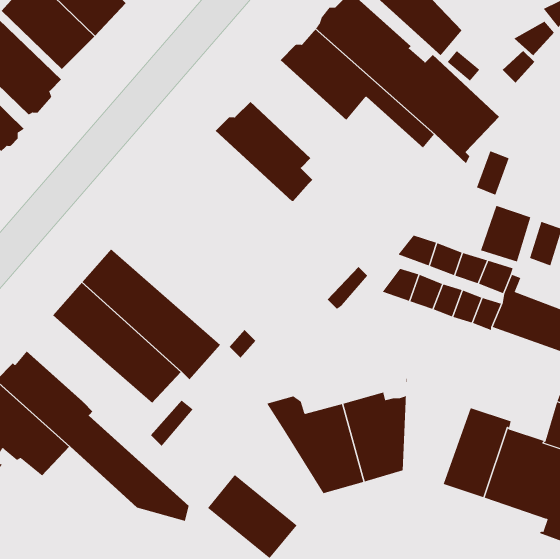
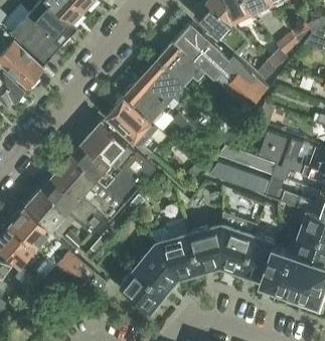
building: none -> [141,57,190,108]
building: none -> [108,94,162,148]
building: none -> [69,120,156,203]
building: none -> [24,188,66,232]
building: none -> [219,220,254,275]
building: none -> [133,239,178,296]

